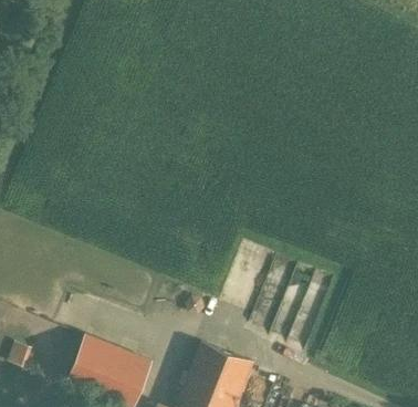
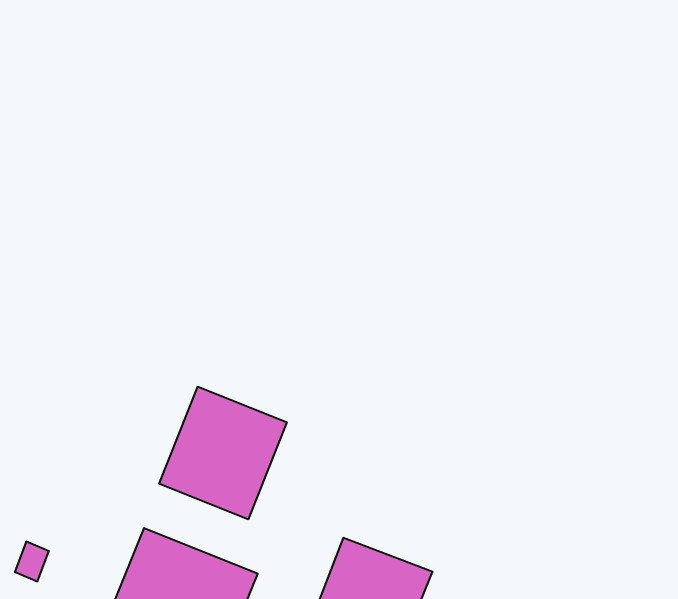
building: none -> [159,387,287,519]

